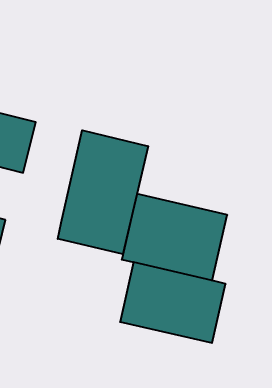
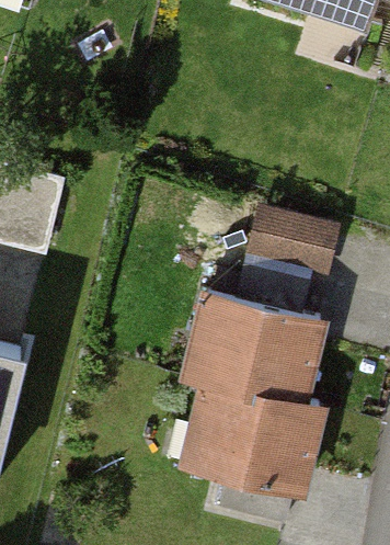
building: [58,130,148,254] -> none
building: none -> [246,206,341,280]

